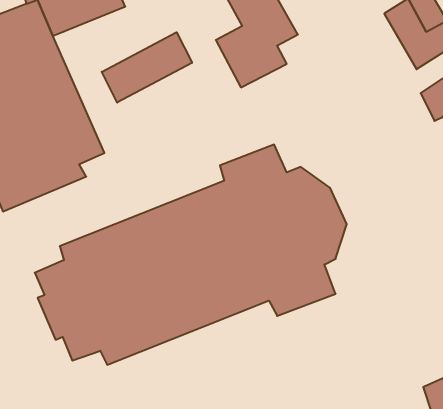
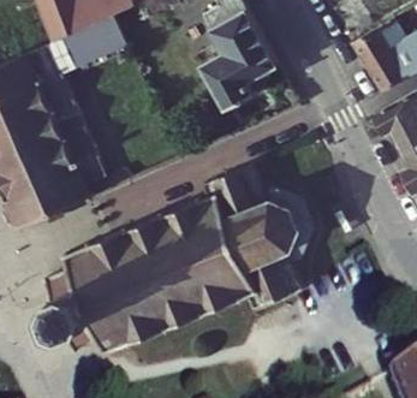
building: [102,32,192,103] -> none

